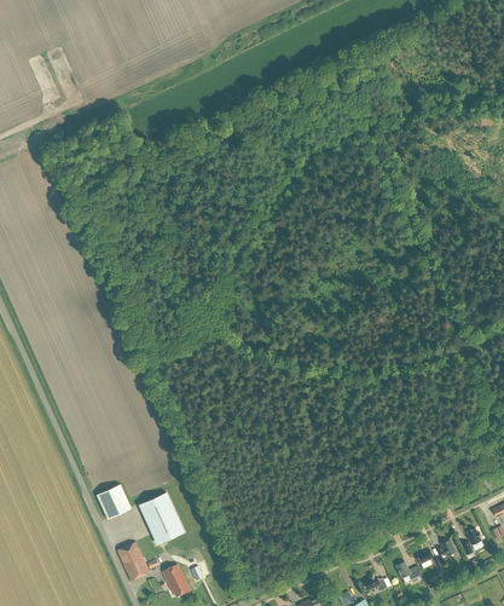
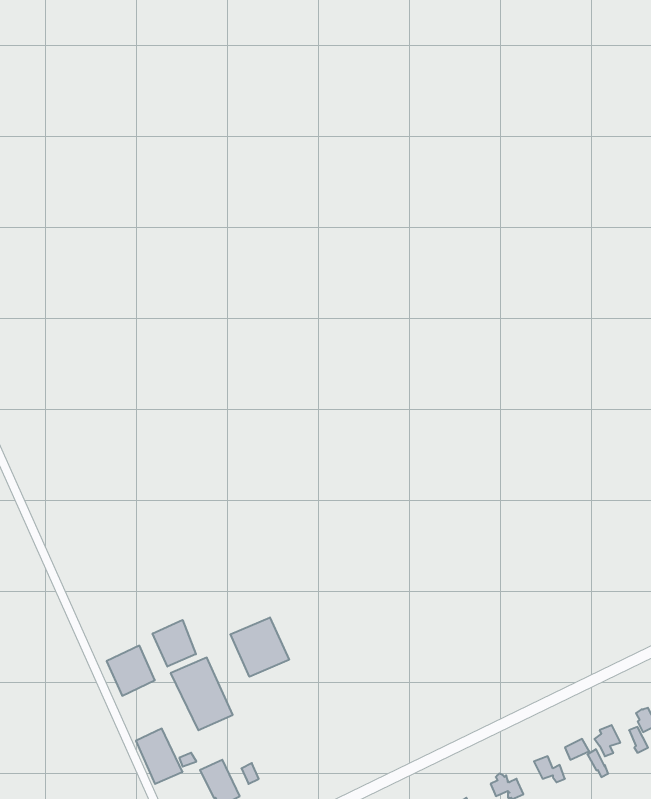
building: none -> [230,617,289,677]
building: none -> [153,620,196,667]

